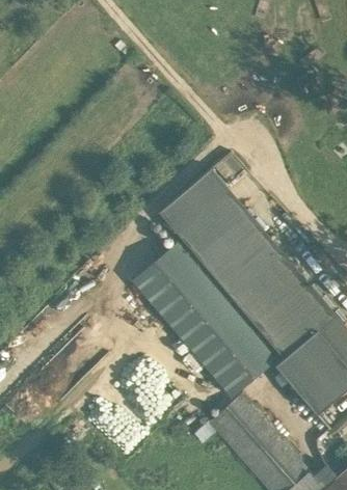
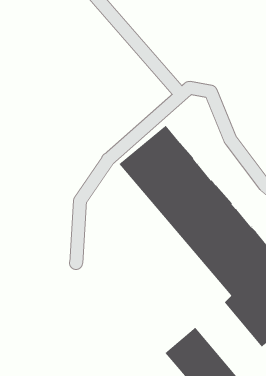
building: [133,244,276,398] -> none

